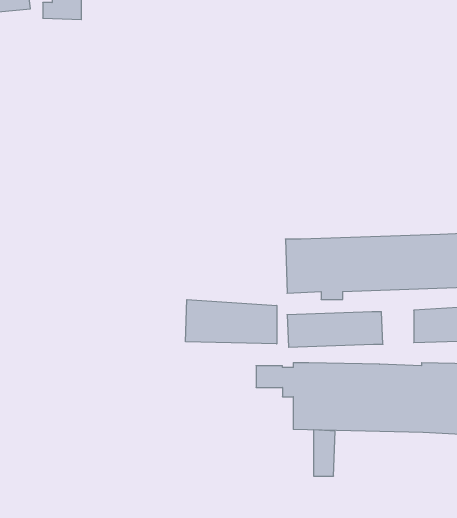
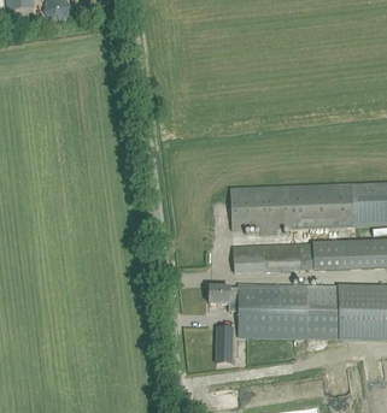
building: [186,300,277,344] -> none
building: none -> [306,243,332,270]
building: [314,430,335,476] -> [216,326,233,362]

